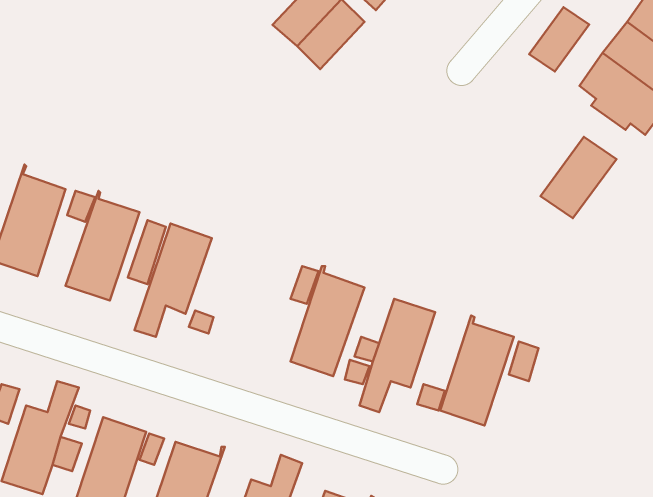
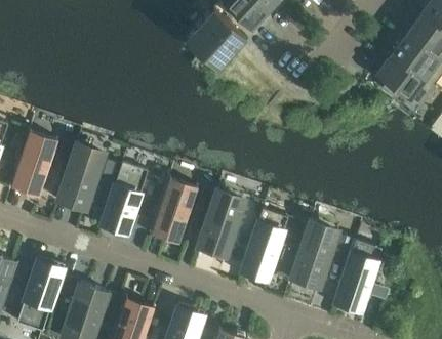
building: [529,7,589,71] -> none
building: [540,137,616,218] -> none
building: none -> [150,172,198,242]
building: none -> [334,240,390,310]

